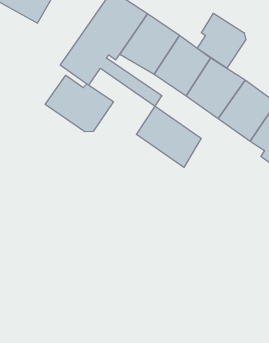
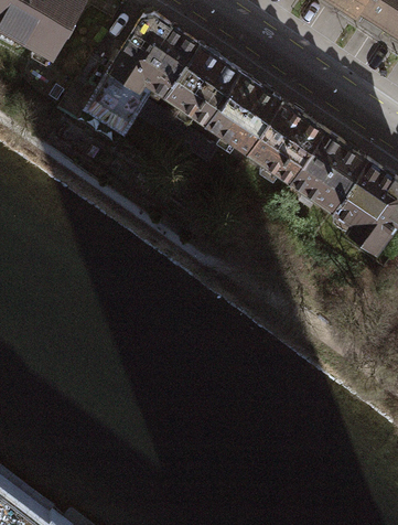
building: [197,13,246,68] -> none
building: [45,75,113,132] -> none
building: [136,106,201,168] -> none

